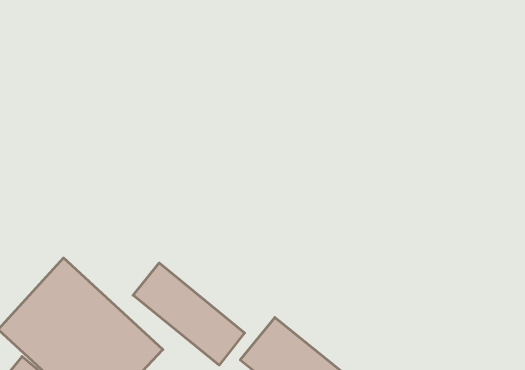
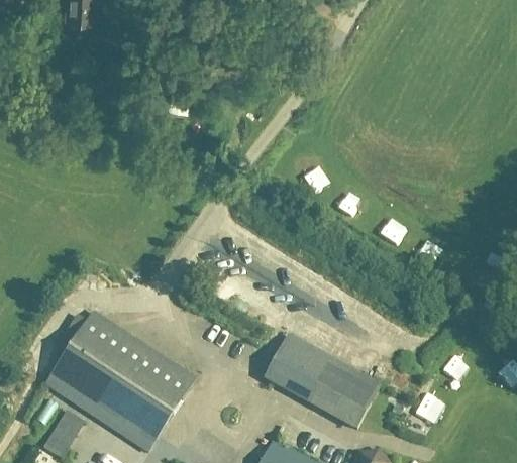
building: [133,263,245,365] -> none

